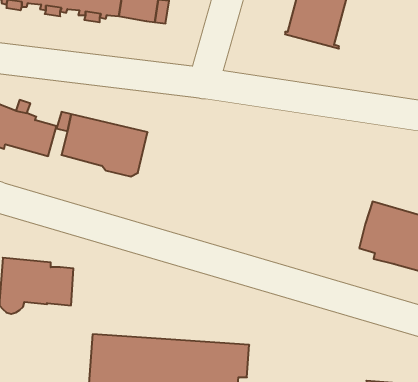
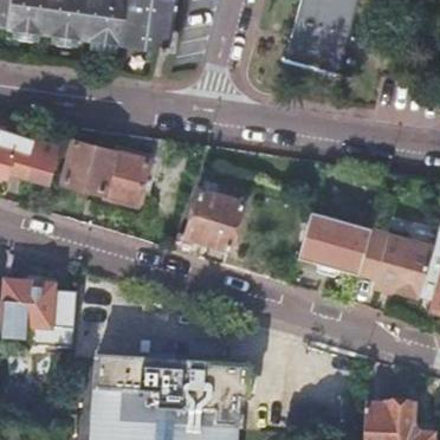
building: none -> [173,188,244,257]
building: none -> [298,200,373,274]

